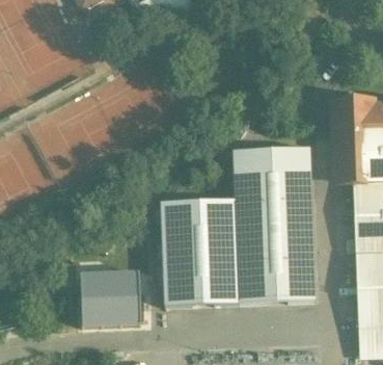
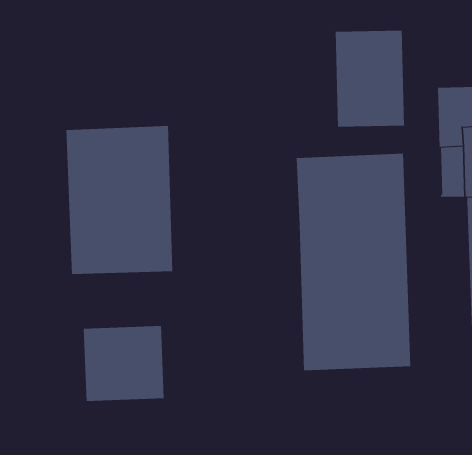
building: none -> [335,30,405,128]
building: [161,198,238,304] -> [65,126,173,275]

